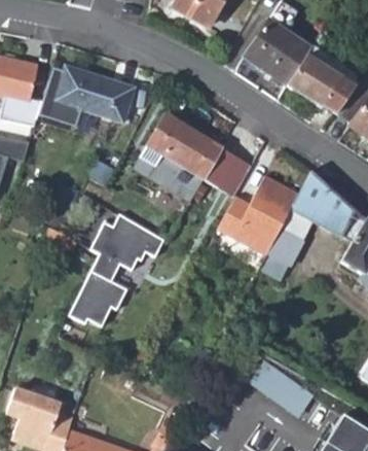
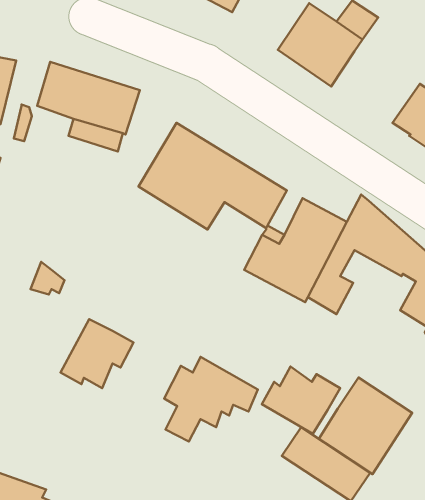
building: [287,57,353,113] -> none
building: [95,211,169,278] -> [164,357,258,441]
building: none -> [262,366,340,434]
building: none -> [319,378,412,474]

